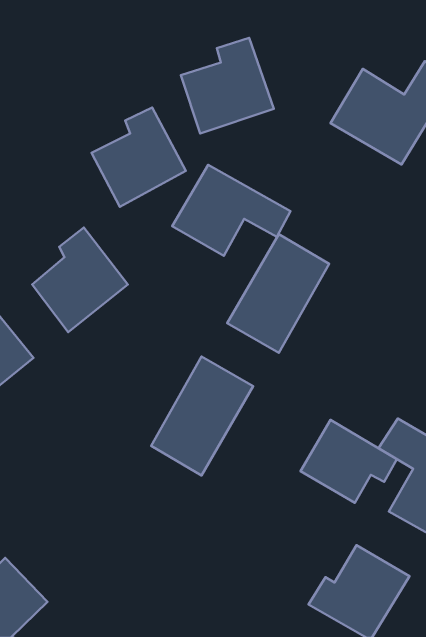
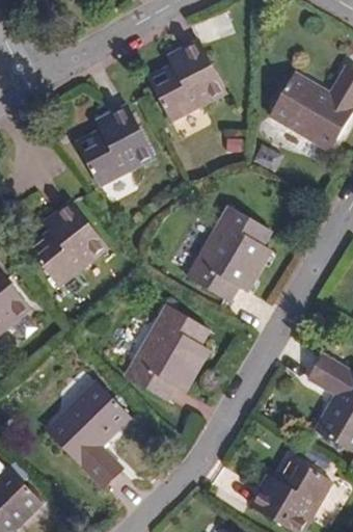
building: [172,165,291,256] -> none
building: [301,420,397,503] -> none
building: none -> [47,382,130,487]

